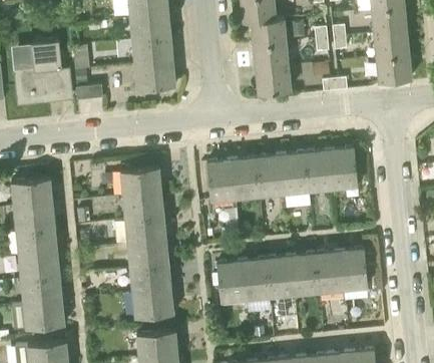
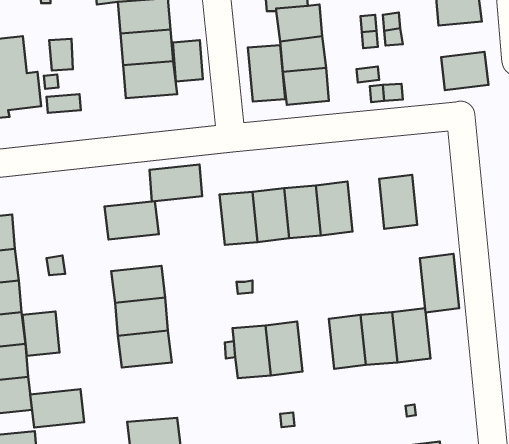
building: [374,31,409,58] -> none
building: none -> [173,40,203,81]
building: none -> [248,45,285,101]
building: [305,150,333,191] -> none
building: [123,193,163,221] -> [149,165,202,202]
building: none -> [420,254,459,313]
building: none -> [22,311,60,356]
building: [267,257,295,297] -> none
building: [133,290,174,319] -> [30,389,84,428]

